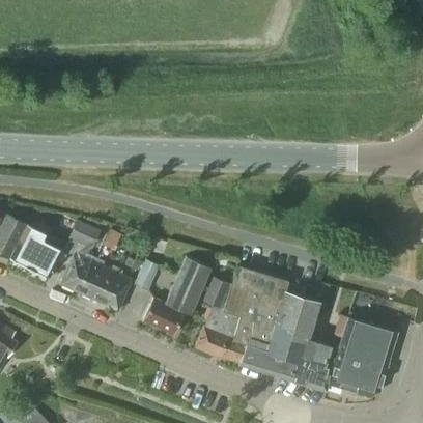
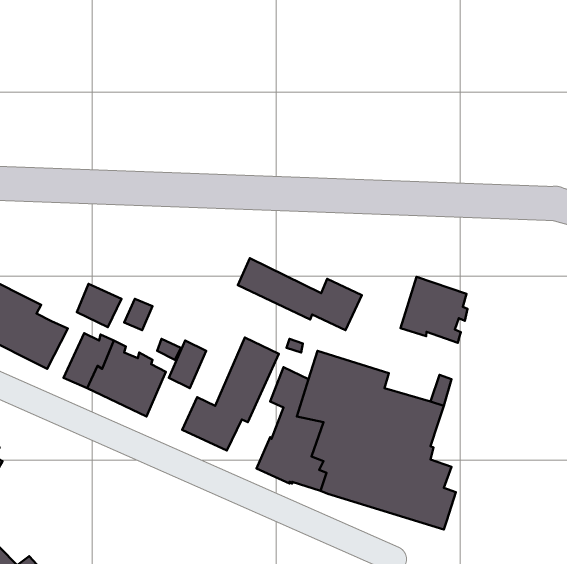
building: none -> [238,258,362,330]
building: none -> [401,277,467,343]
building: [325,312,396,397] -> none

